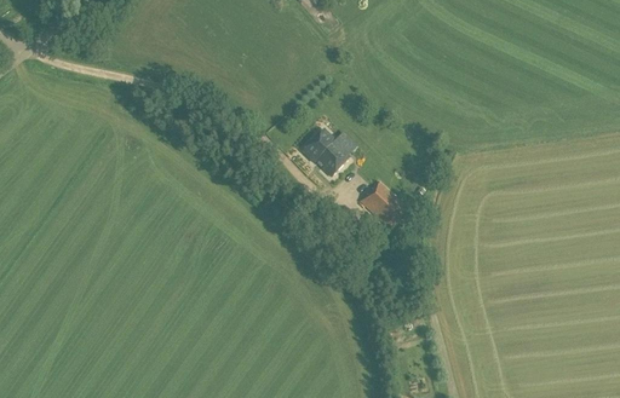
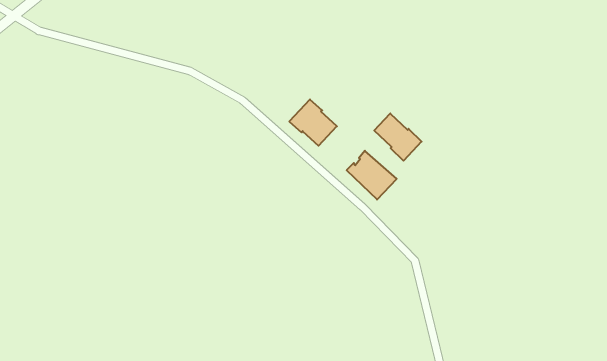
building: none -> [374,113,422,161]

